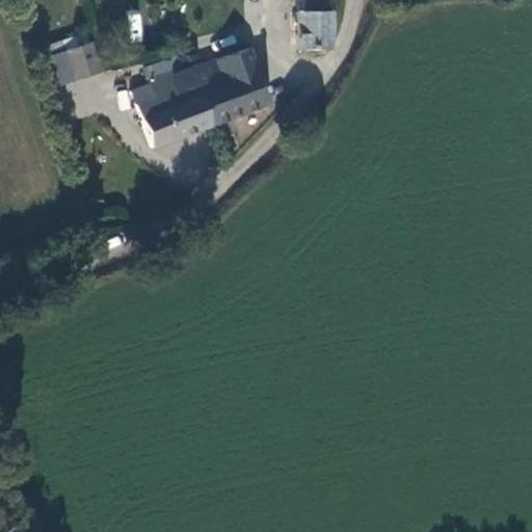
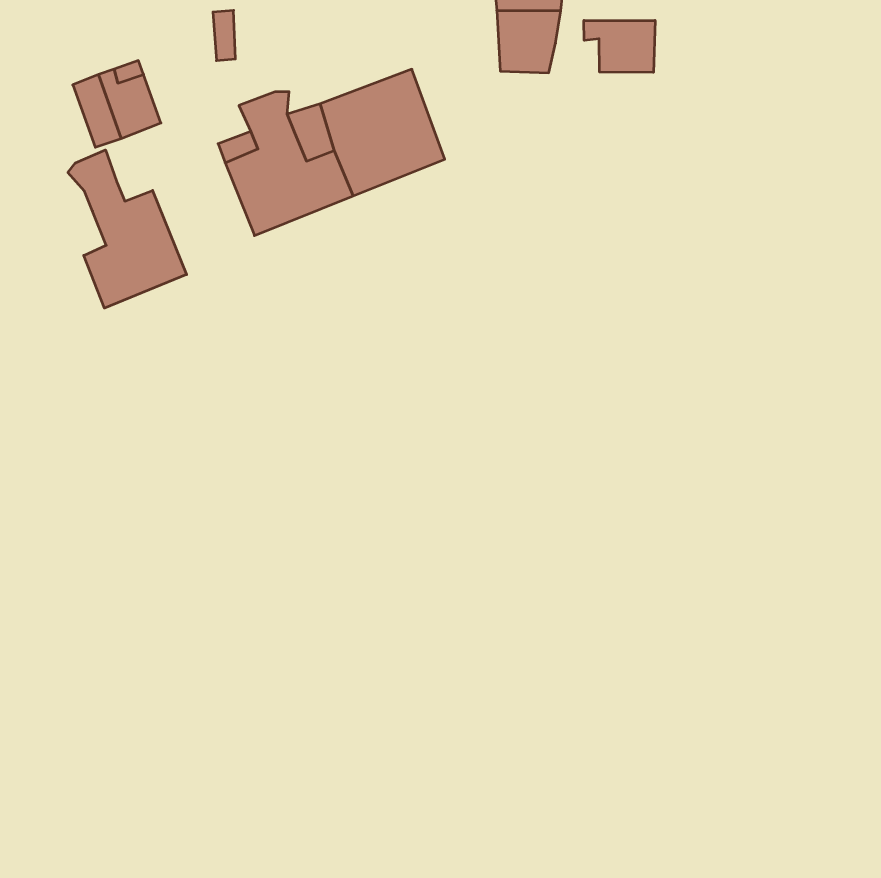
building: none -> [584,20,655,72]
building: none -> [68,150,187,308]

